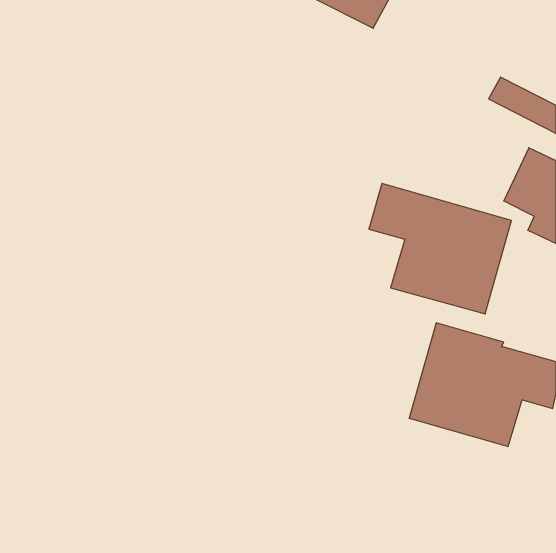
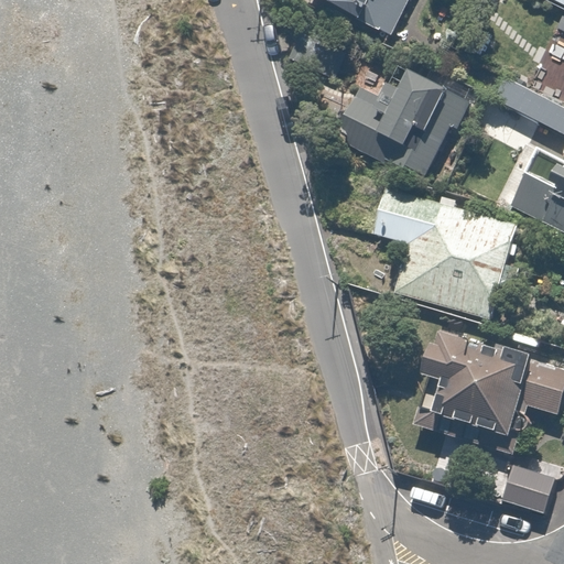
building: none -> [332,62,465,184]
building: none -> [503,464,557,512]

